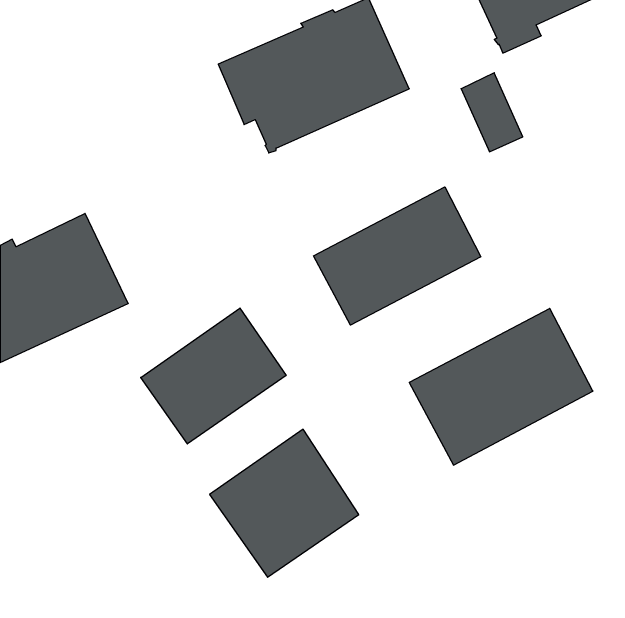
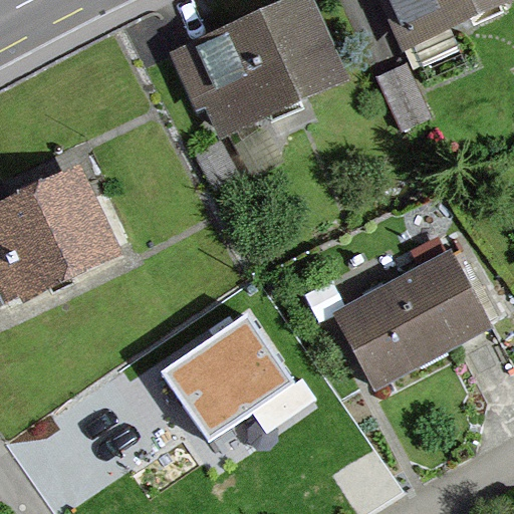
building: [314,187,481,325] -> none
building: [141,308,286,444] -> none

